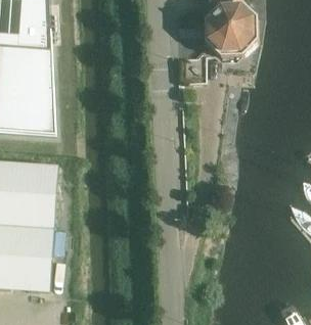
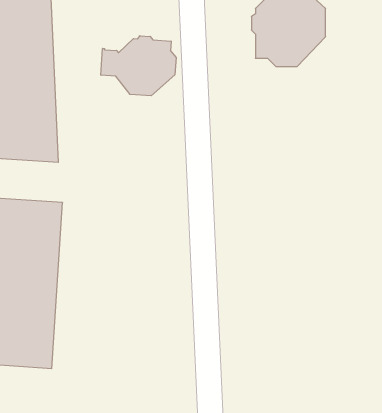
building: none -> [101,36,176,96]

